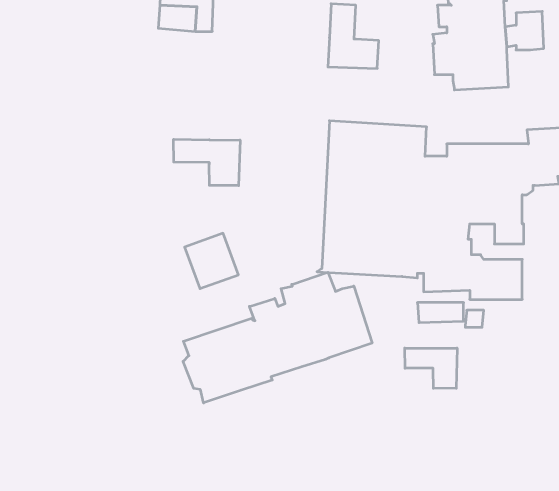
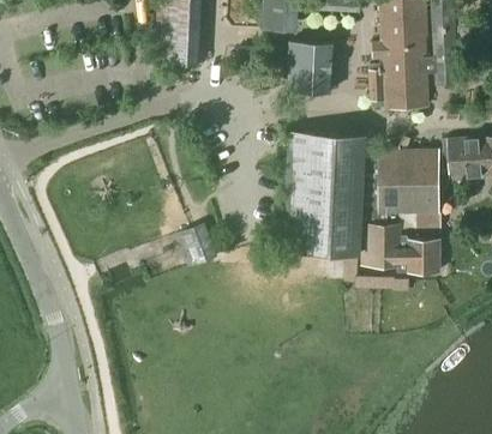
building: [174,139,240,186] -> none
building: [183,272,372,403] -> none
building: [405,348,457,388] -> none

